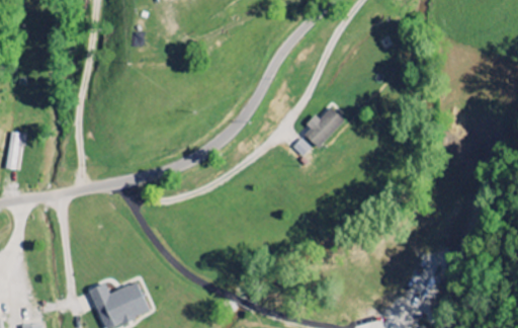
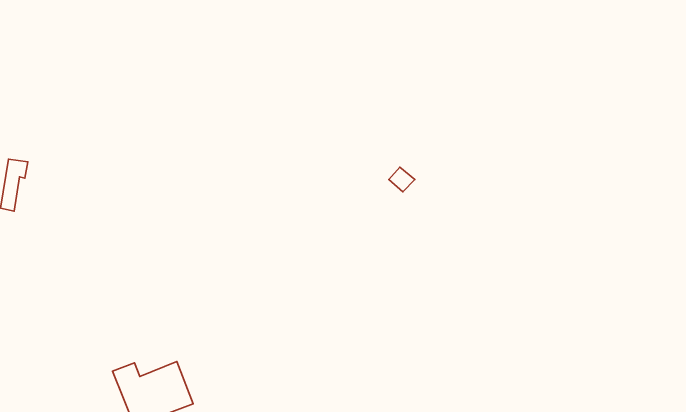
building: [305,106,345,148] -> none

